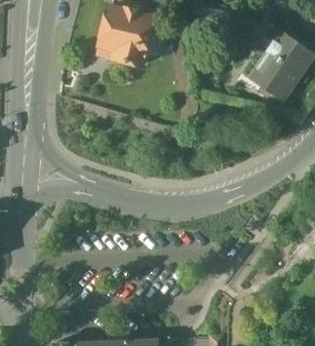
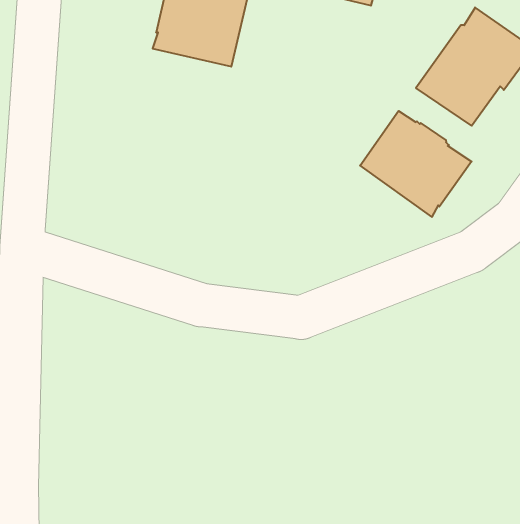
building: none -> [360,111,472,217]

